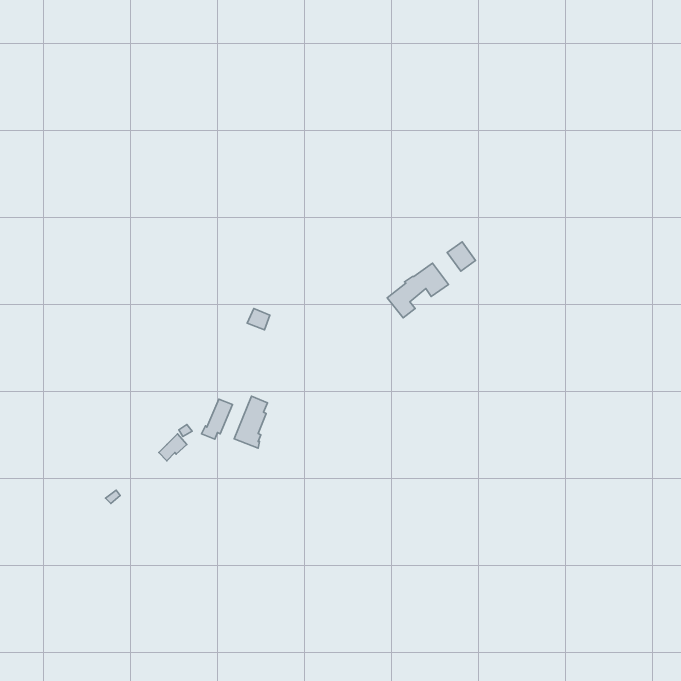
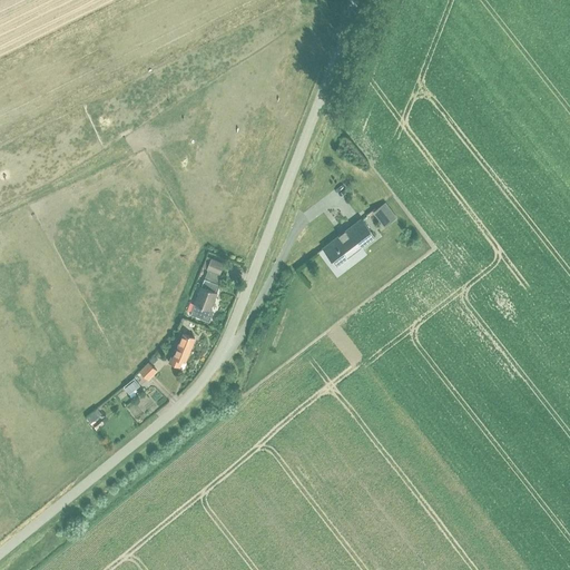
building: [234,396,268,448] -> [189,279,217,323]

